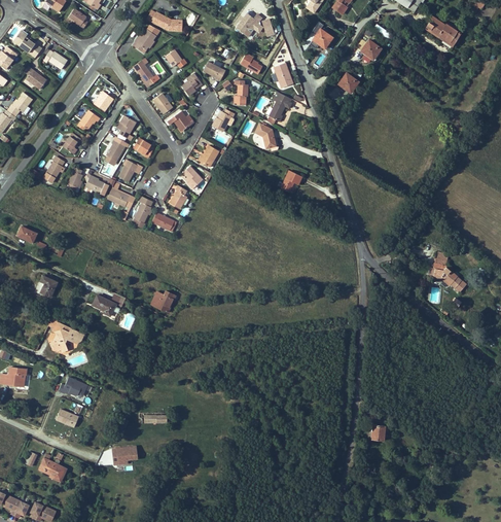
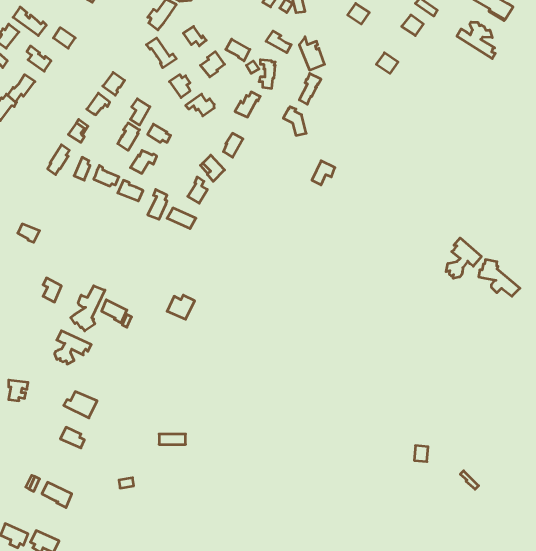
building: none -> [457,22,495,59]
building: none -> [446,238,481,278]
building: none -> [71,286,105,331]

